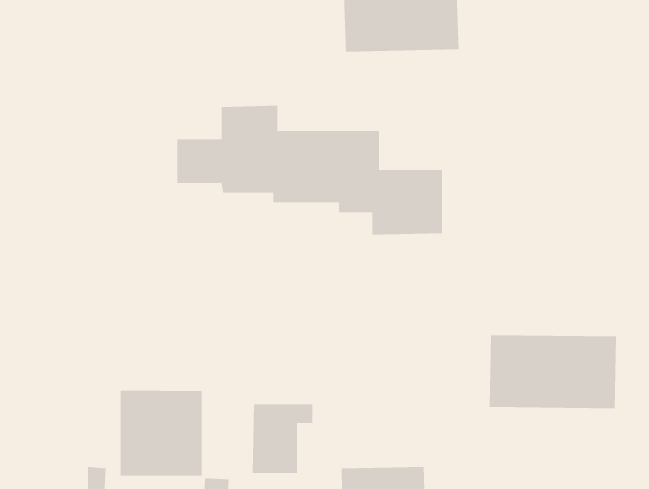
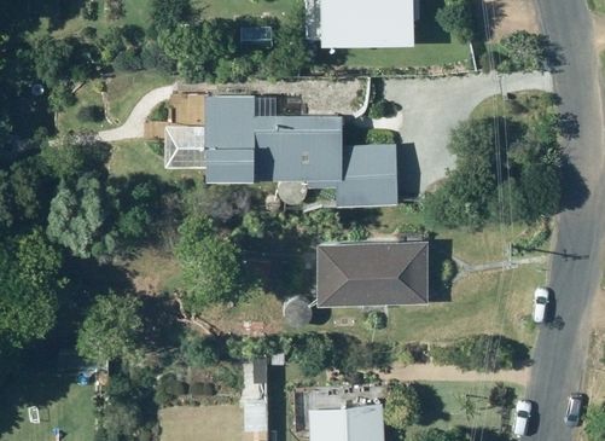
building: [489,335,617,409] -> [318,239,429,303]
building: [120,390,202,477] -> none

